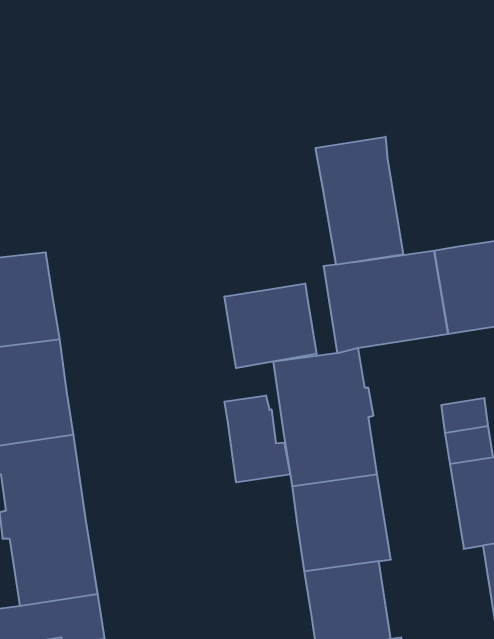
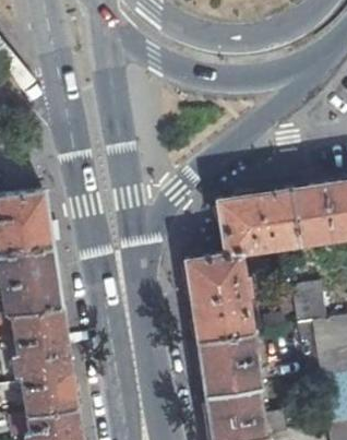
building: [316,137,403,265] -> none
building: [224,283,317,368] -> none
building: [224,395,290,482] -> none

